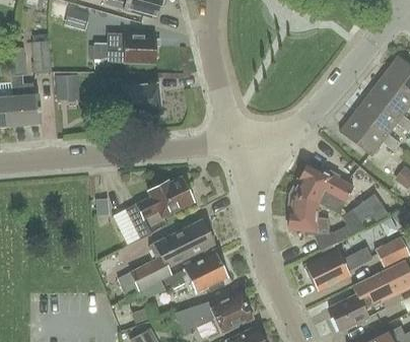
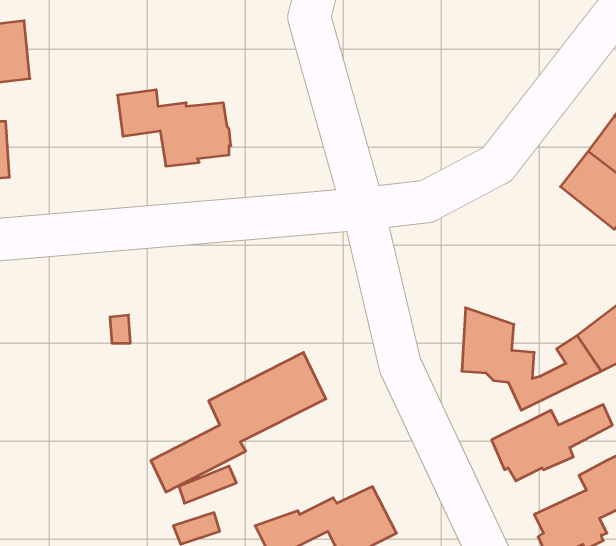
building: [95,31,156,62] -> none
building: [55,75,79,100] -> none
building: [290,161,352,212] -> none
building: [126,177,194,240] -> none
building: [163,255,226,292] -> none

